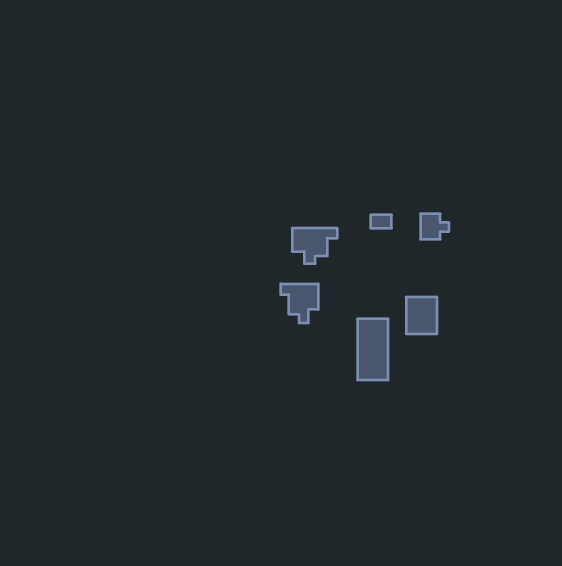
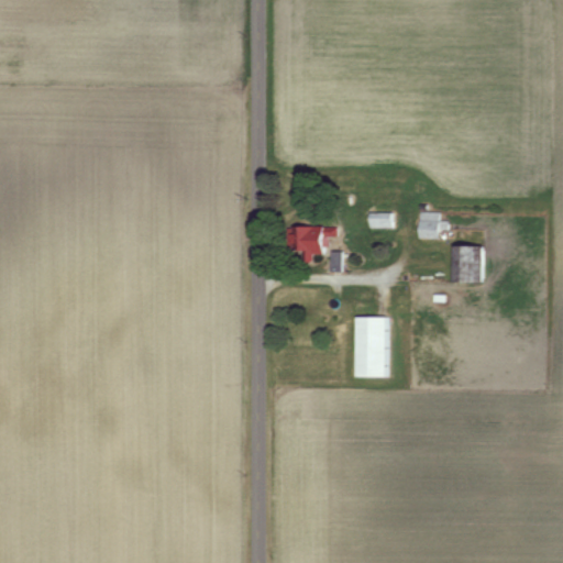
building: [281,284,318,323] -> none
building: [406,297,437,334] -> [452,246,483,283]

